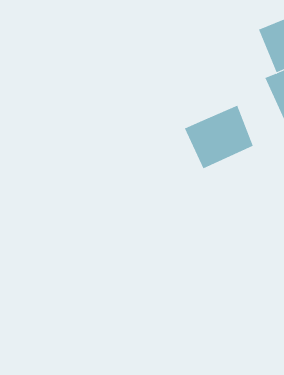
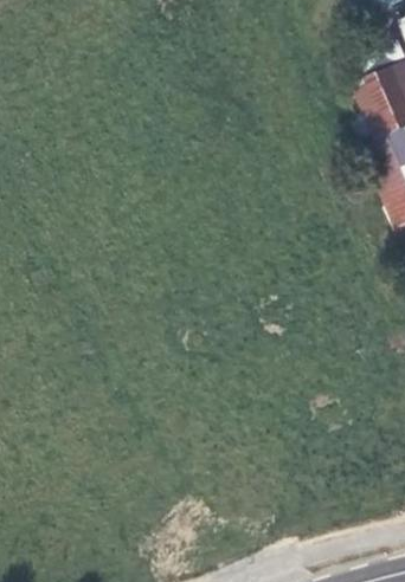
building: [184,105,253,169] -> none

